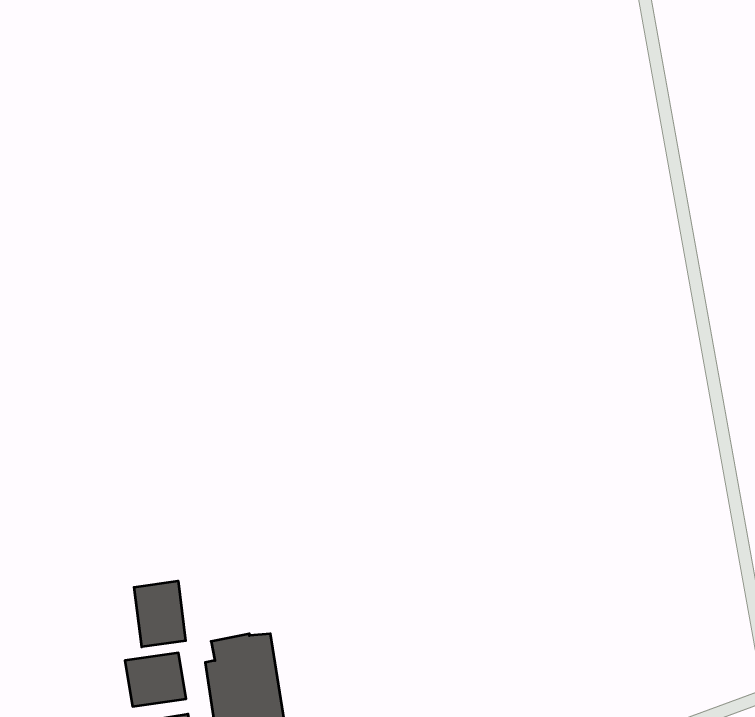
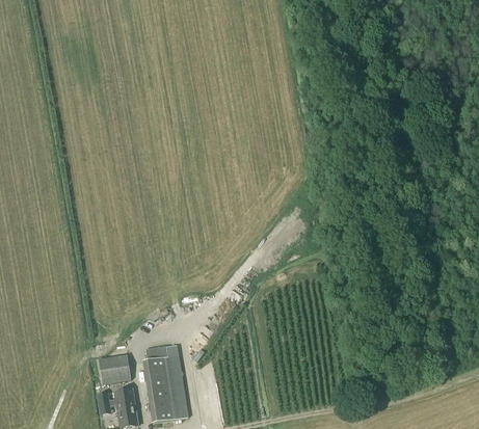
building: [134,581,186,647] -> none

